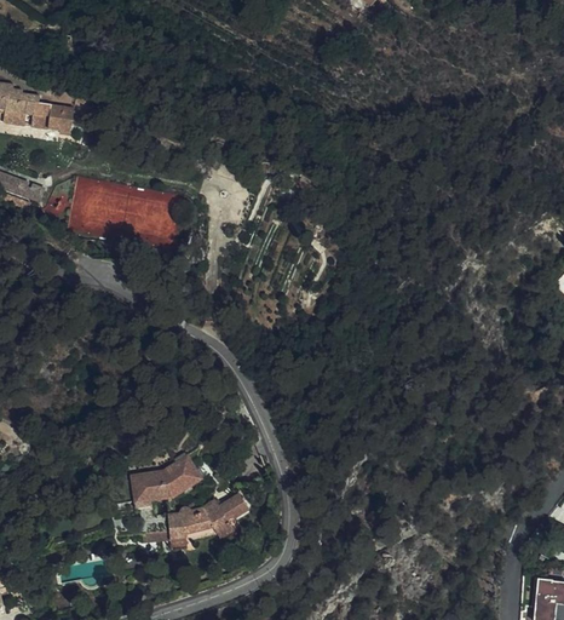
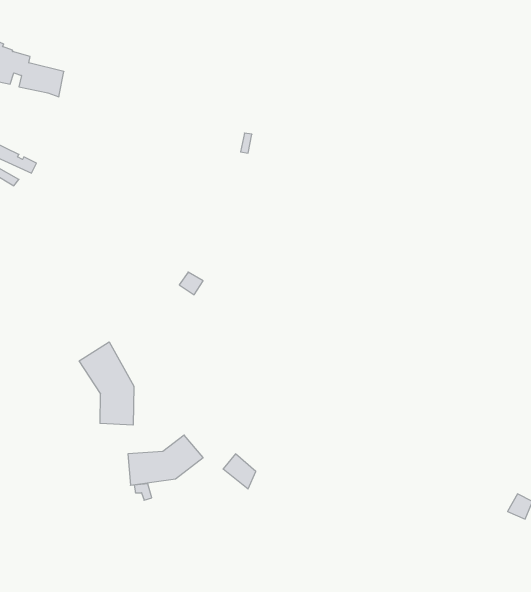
building: none -> [79,342,134,425]
building: [169,501,235,541] -> none

